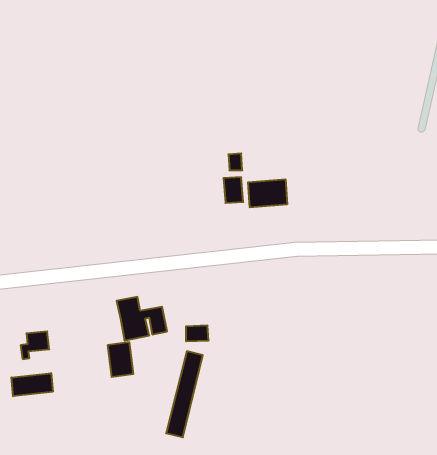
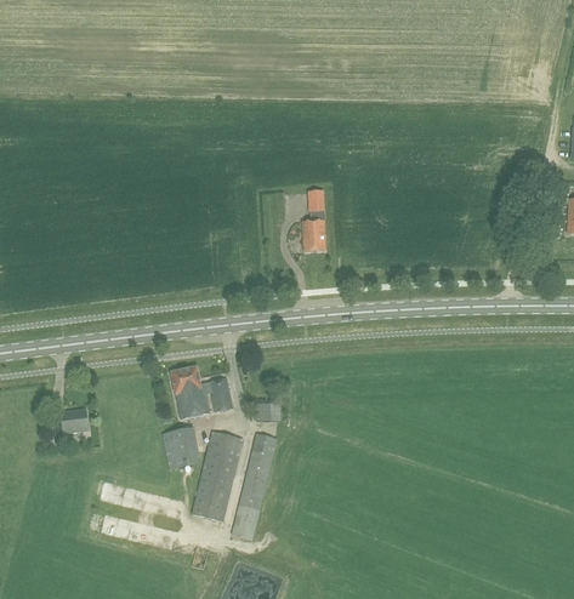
building: [248,179,287,207] -> none
building: none -> [192,430,243,521]
building: [11,373,53,396] -> none

